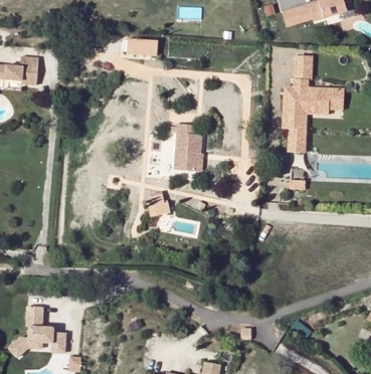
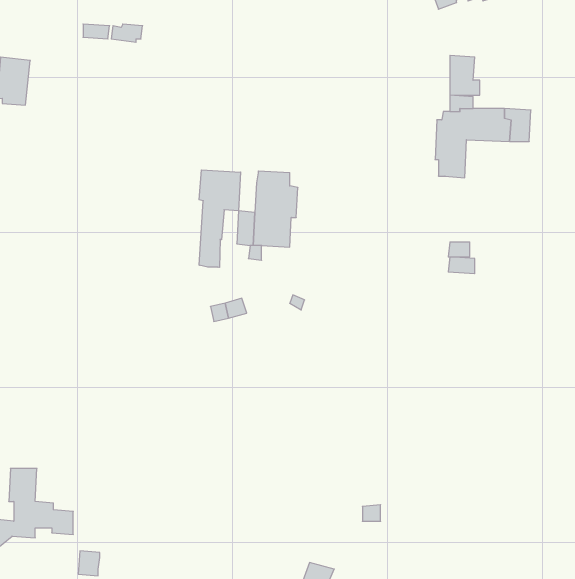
building: [127,38,158,55] -> none
building: [291,106,330,150] -> none
building: none -> [199,170,241,267]

